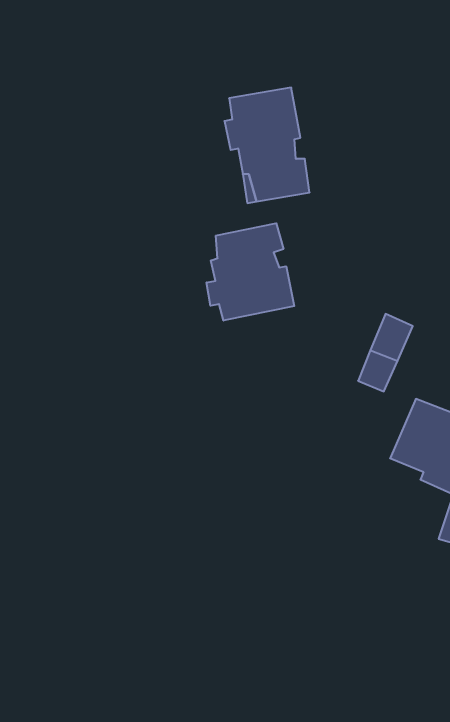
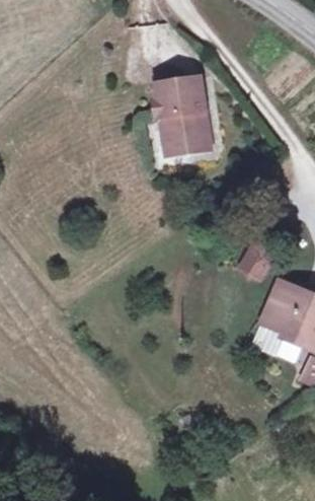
building: [207,223,294,321] -> none

